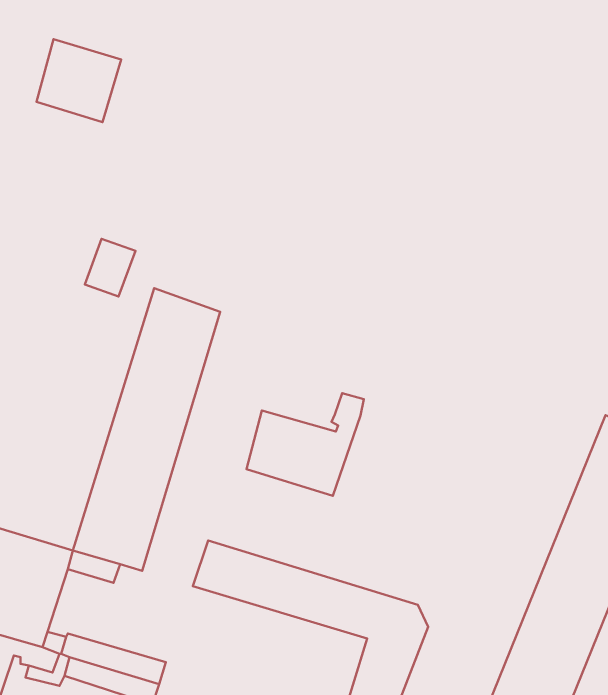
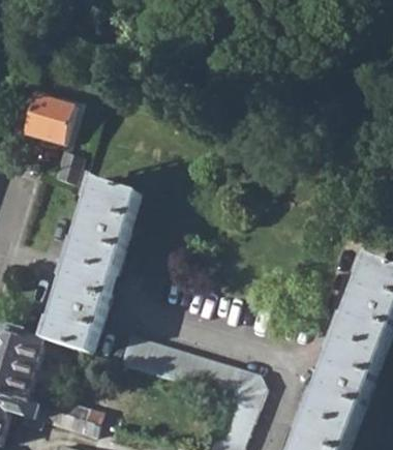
building: [37,39,121,122] -> [24,96,75,147]
building: [246,393,364,496] -> none

